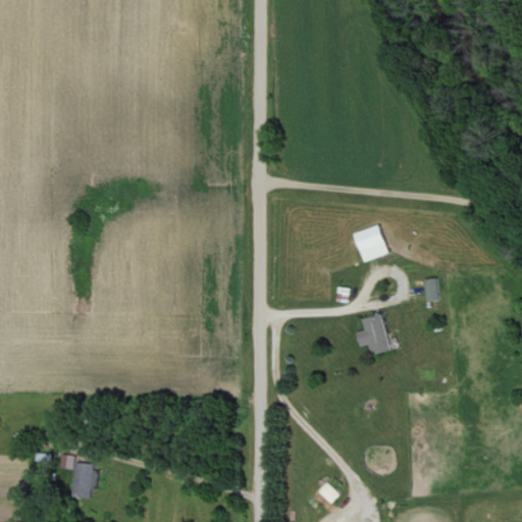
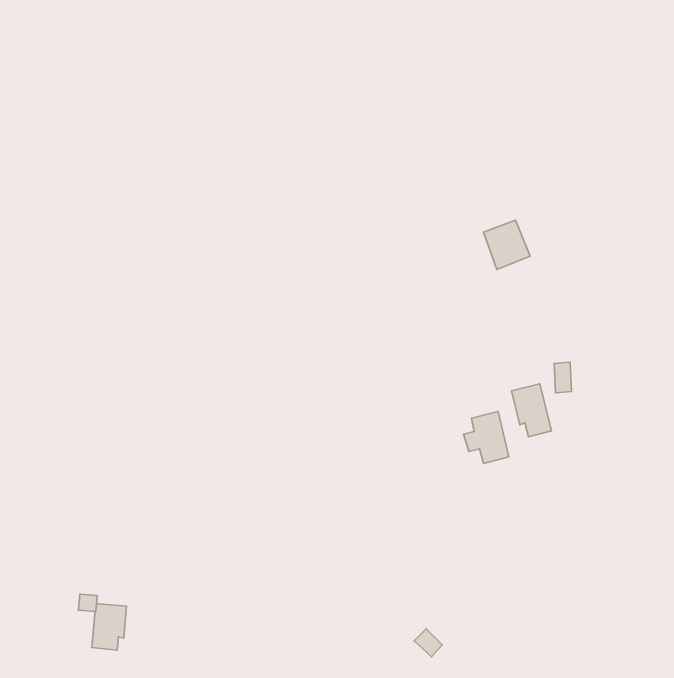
building: [353,224,388,262] -> [483,220,530,270]
building: none -> [512,384,552,437]

